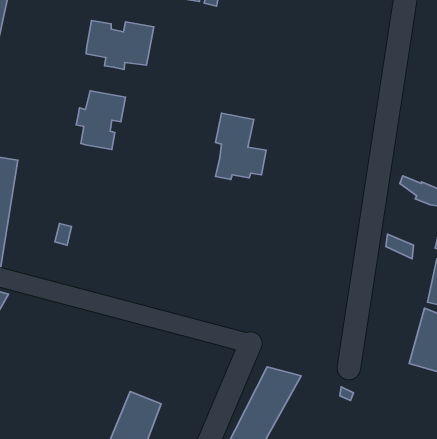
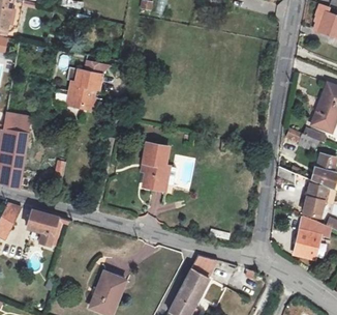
building: [86,20,154,69] -> none
building: [215,113,266,179] -> [142,145,176,190]
building: none -> [27,209,69,246]

